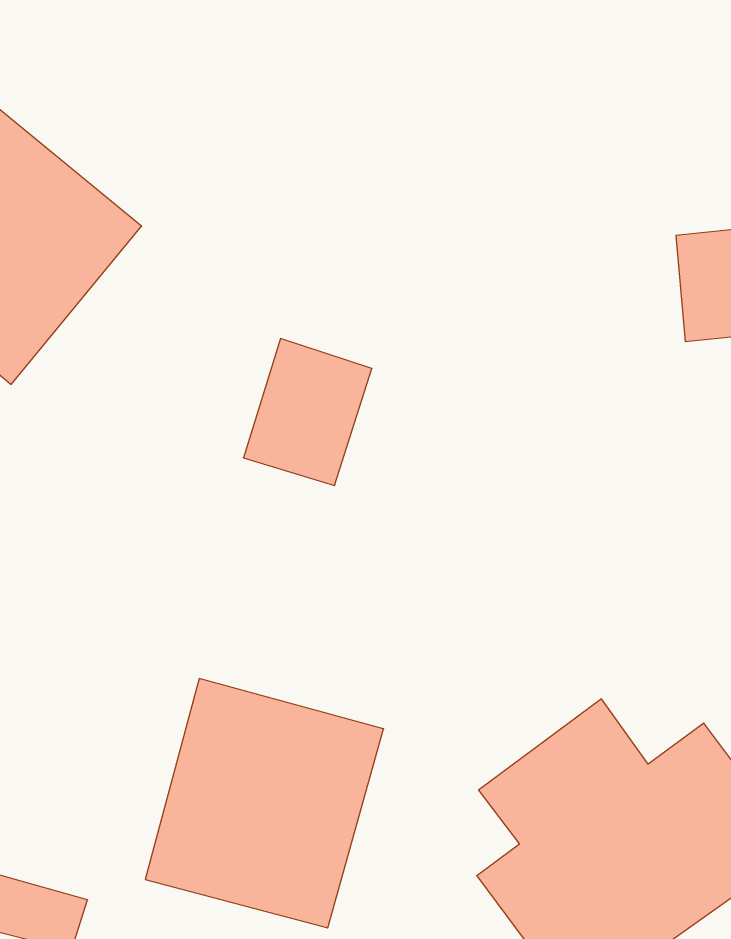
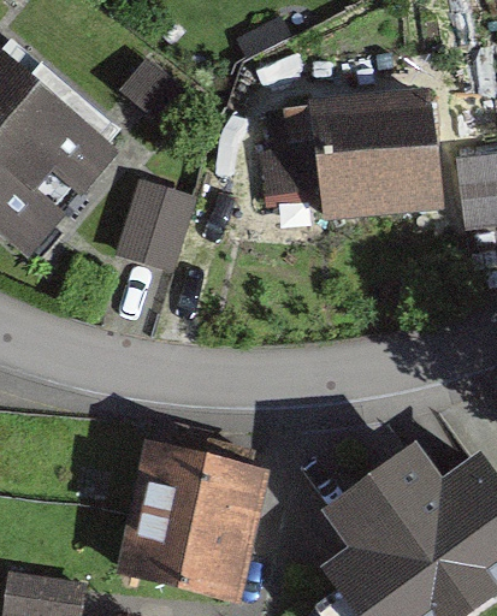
building: none -> [266,96,440,215]
building: [243,339,372,486] -> [120,173,203,268]

